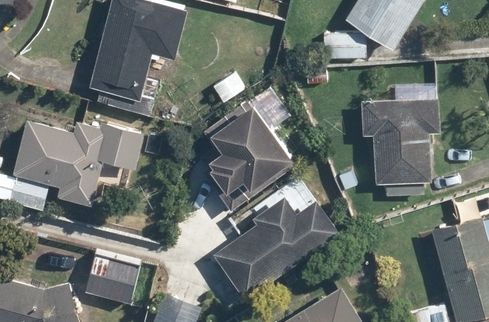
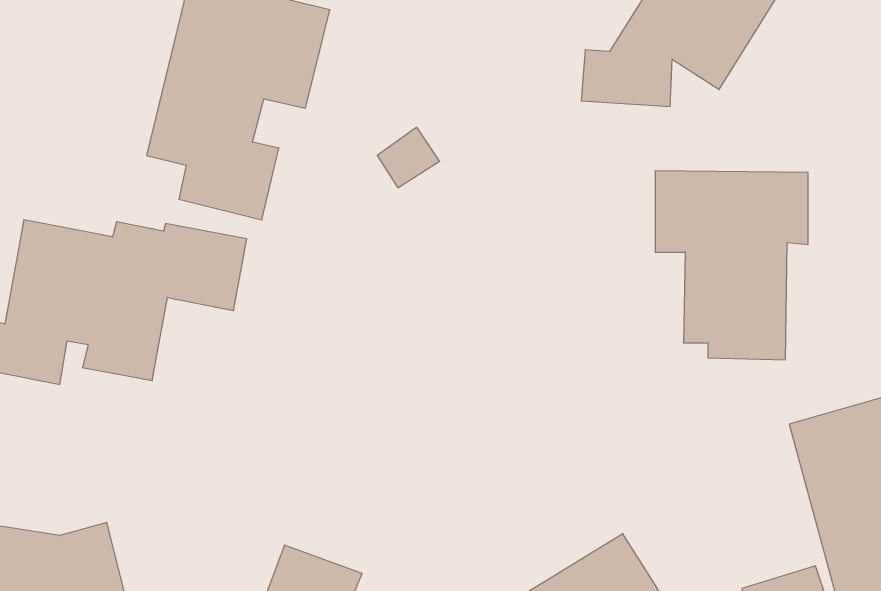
building: [199,96,293,212] -> none
building: [211,179,339,303] -> none
building: [84,254,139,304] -> none

